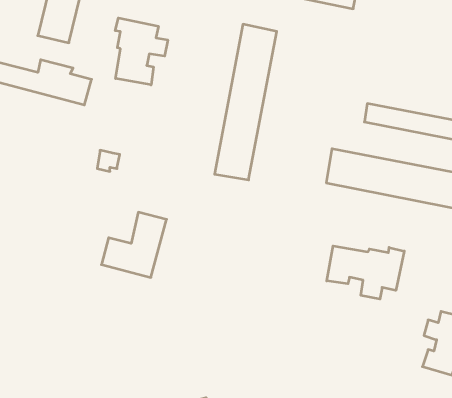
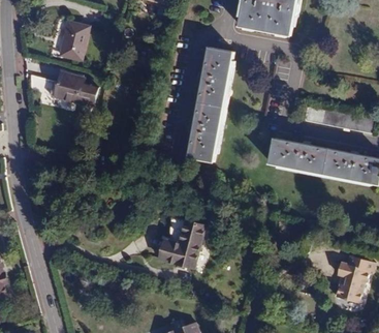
building: [115,18,168,85] -> none
building: [101,212,167,277] -> [156,219,203,267]
building: [327,246,404,299] -> none

